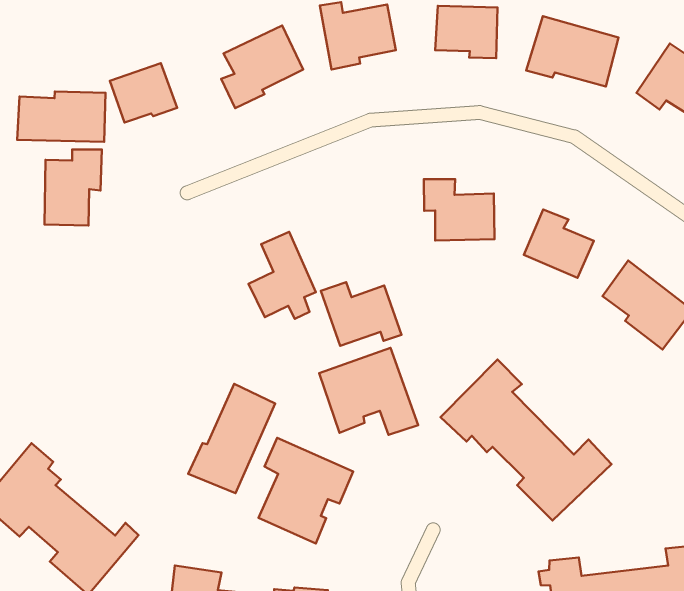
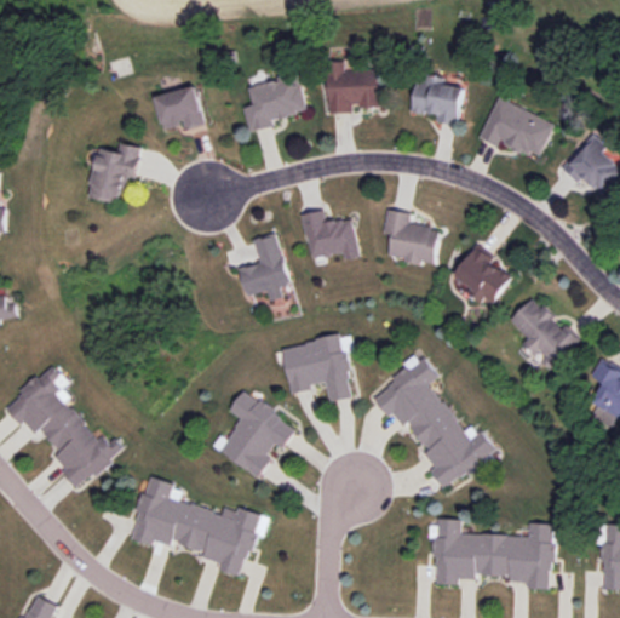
building: [17,92,105,142] -> none
building: [321,282,401,346] -> [302,210,358,259]
building: [188,384,275,493] -> none

